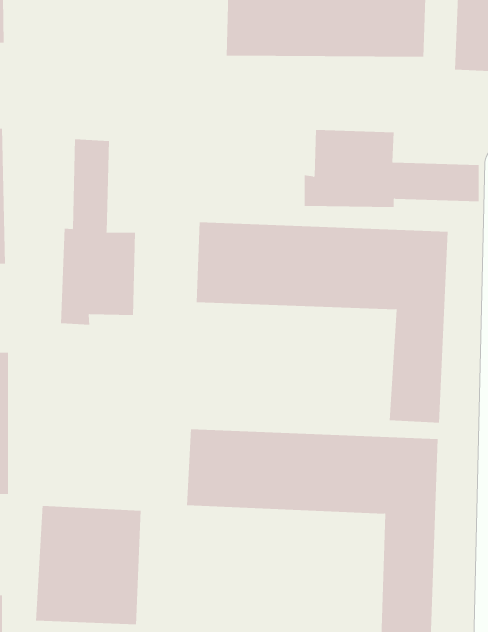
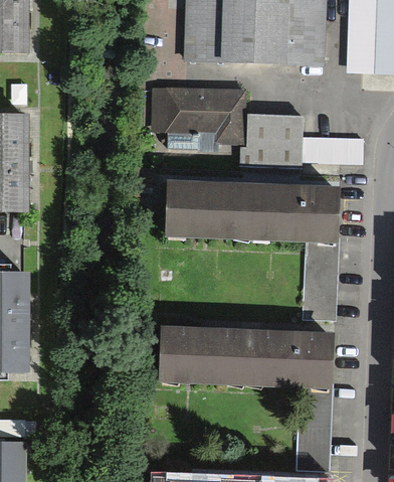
building: none -> [151,90,247,152]
building: [60,138,135,325] -> none
building: [36,505,141,625] -> none

